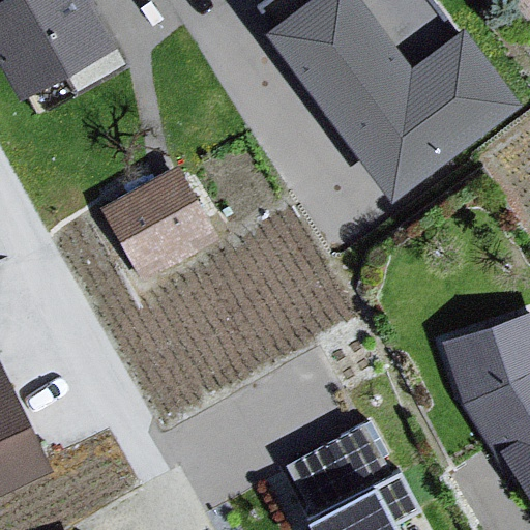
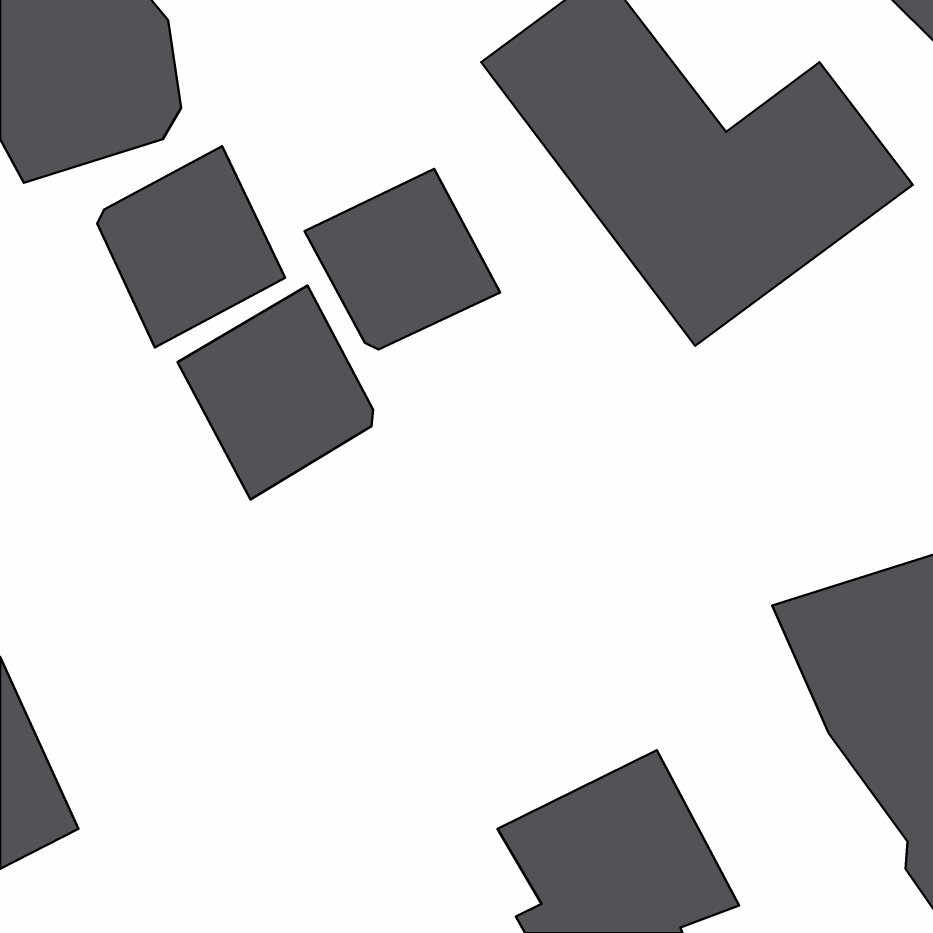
building: none -> [97,146,285,347]
building: none -> [305,169,500,350]

